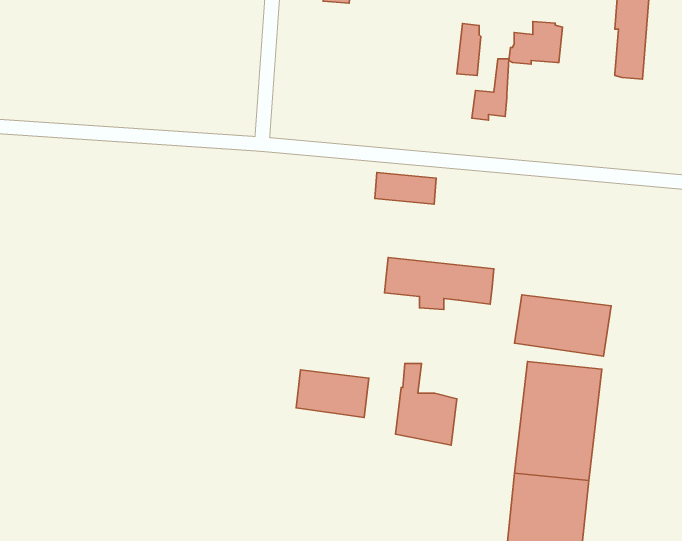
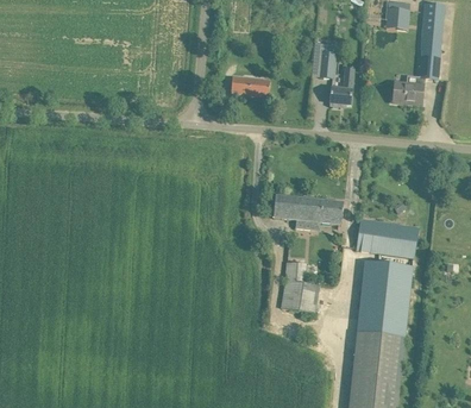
building: [509,21,563,64] -> [391,75,426,102]
building: [375,172,436,204] -> [231,76,270,96]
building: [296,370,369,417] -> none

